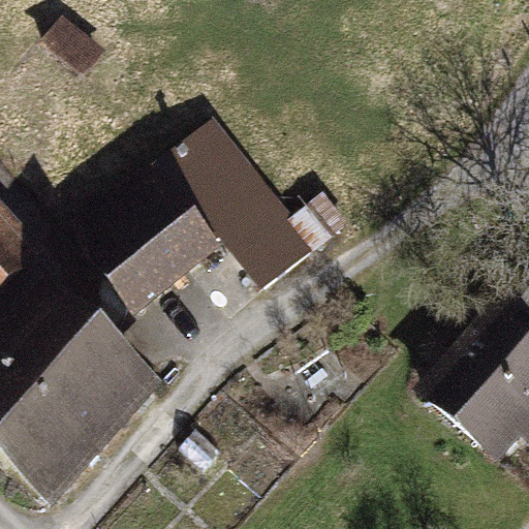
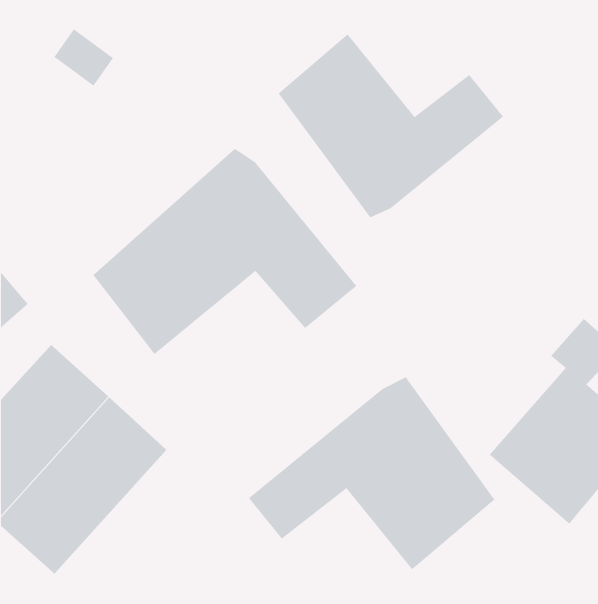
building: none -> [278,34,504,218]
building: none -> [248,377,495,570]

